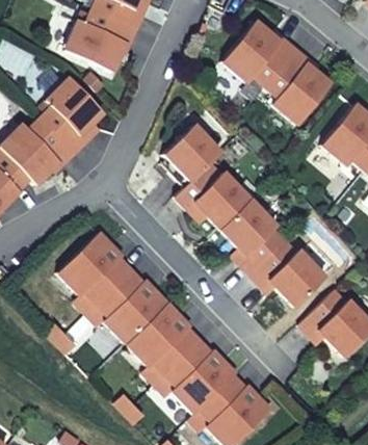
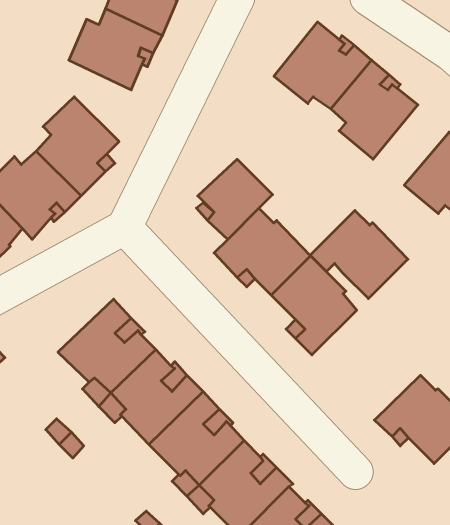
building: [252,240,326,308] -> [310,210,408,299]

